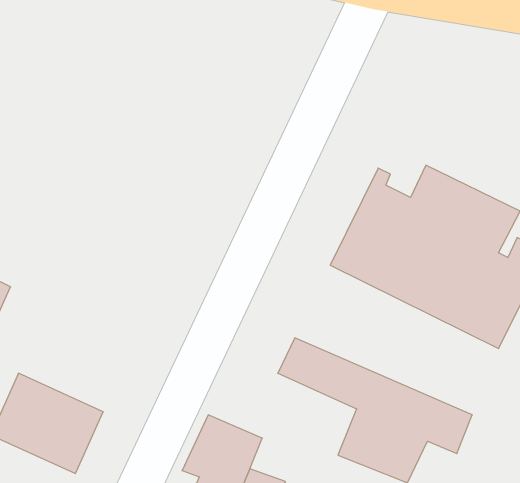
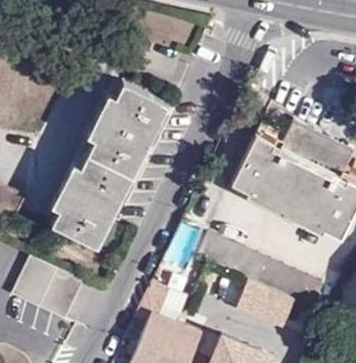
building: none -> [50,84,168,250]

